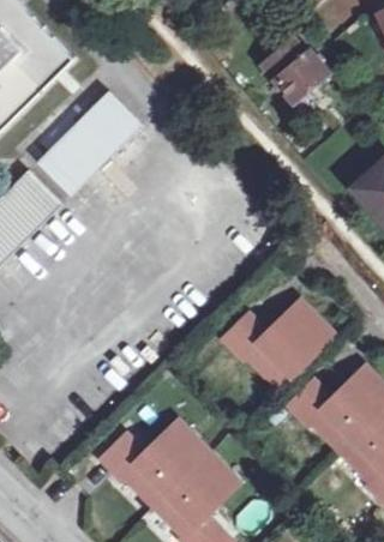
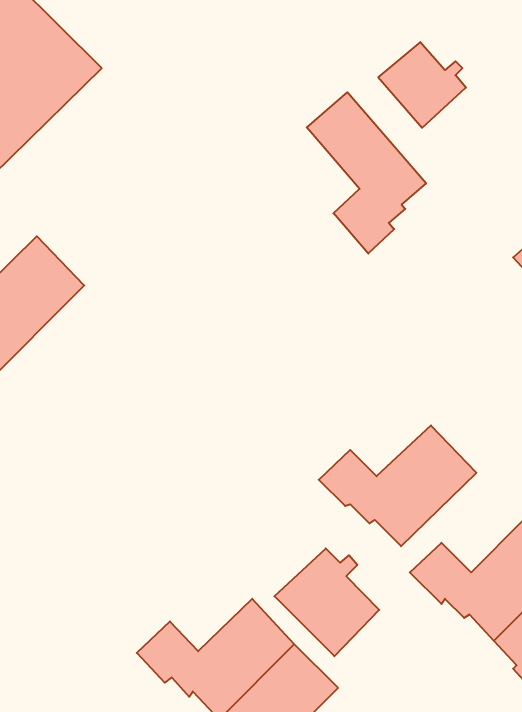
building: none -> [307,92,426,254]
building: [31,89,140,199] -> none
building: none -> [274,548,379,656]

